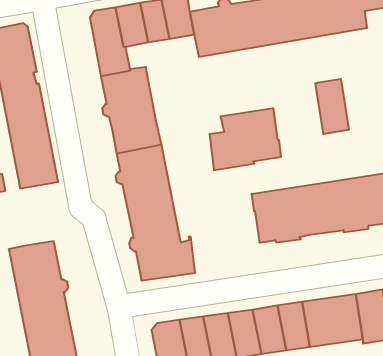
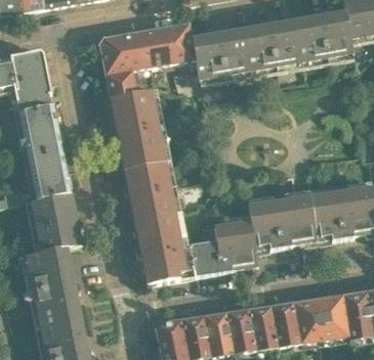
building: [315,79,349,134] -> none
building: [209,108,281,170] -> [192,220,257,276]
building: none -> [31,193,82,252]

